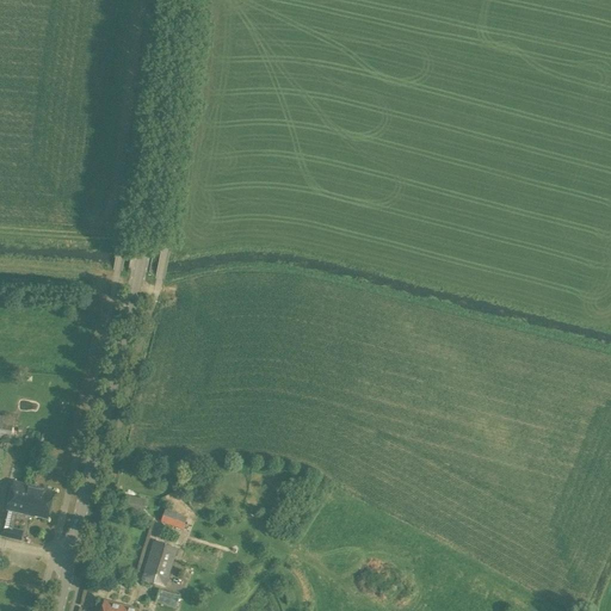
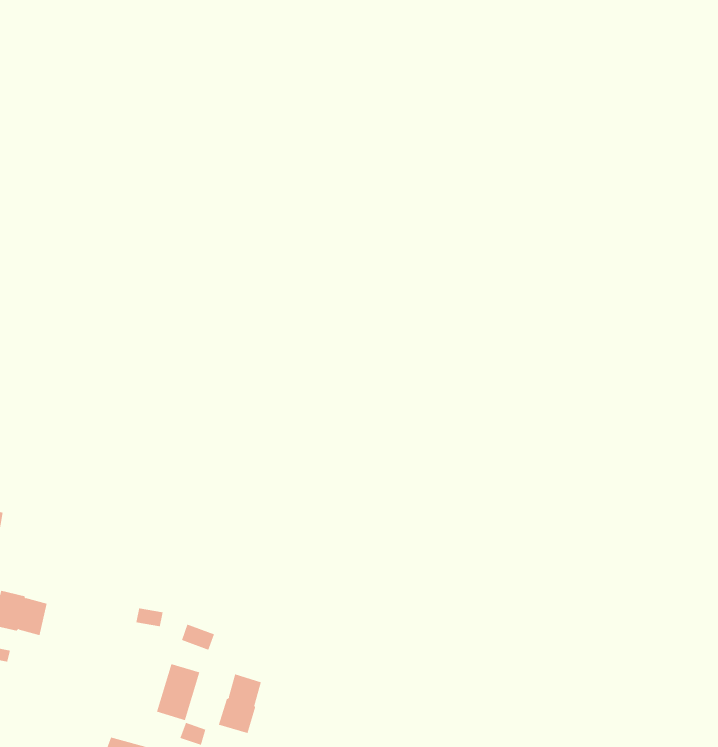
building: none -> [218,673,262,734]

